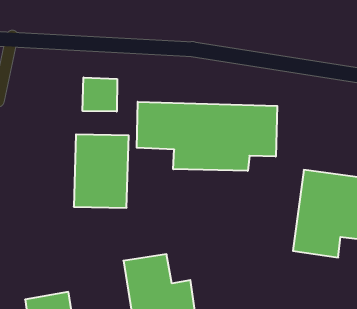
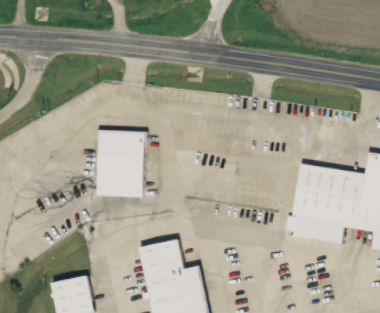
building: [83,77,117,112] -> none
building: [137,102,277,171] -> none

